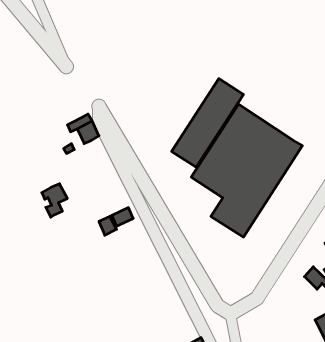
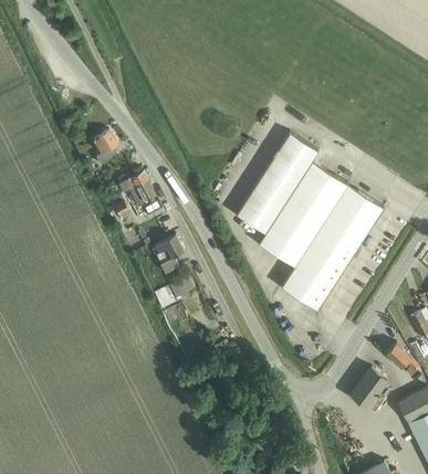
building: none -> [94,130,118,166]
building: [42,184,67,217] -> [155,236,184,274]
building: none -> [351,368,388,412]

